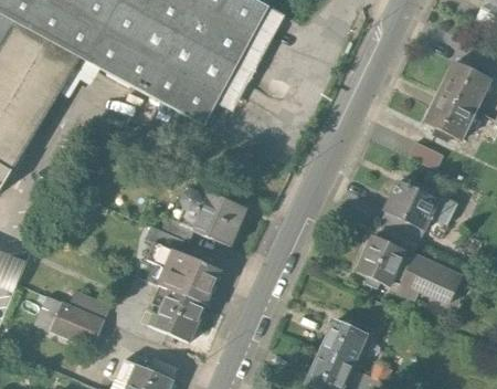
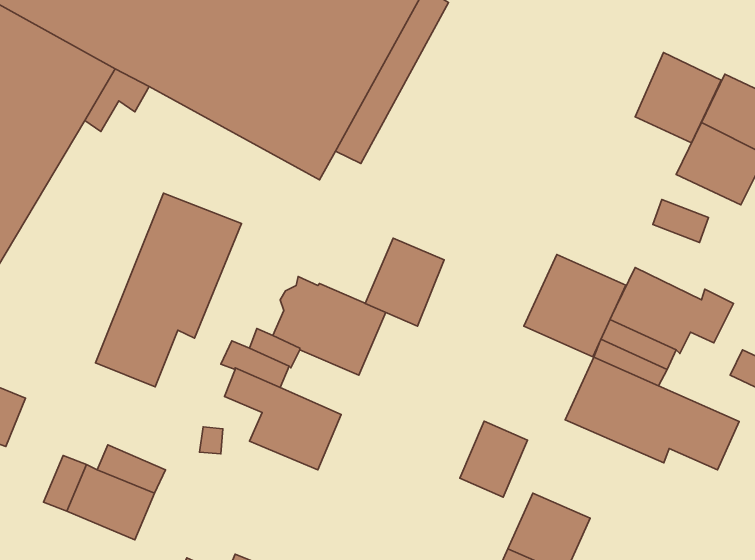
building: none -> [635,52,721,143]
building: none -> [95,193,241,387]
building: none -> [365,238,444,326]
building: none -> [524,254,626,357]
building: none -> [460,421,527,497]
building: [139,290,203,343] -> none

